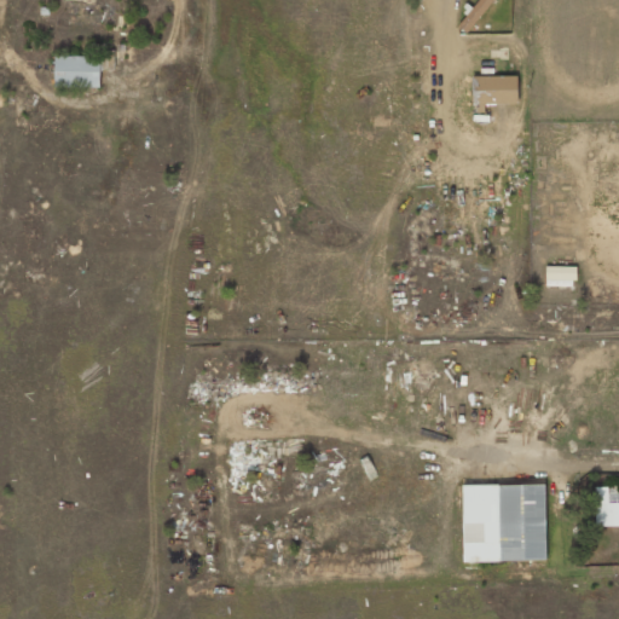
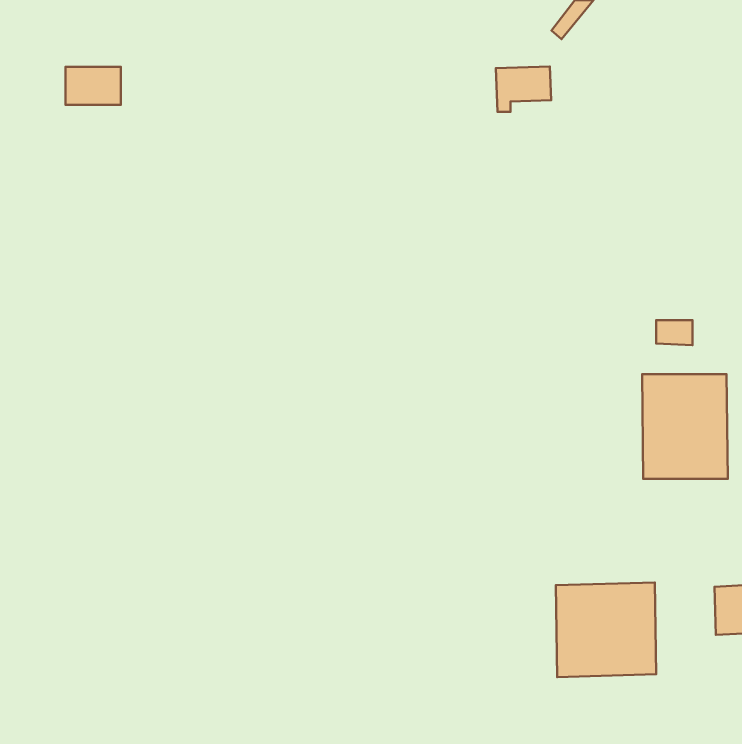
building: [474,75,520,112] -> [496,67,551,112]
building: none -> [642,374,728,479]

